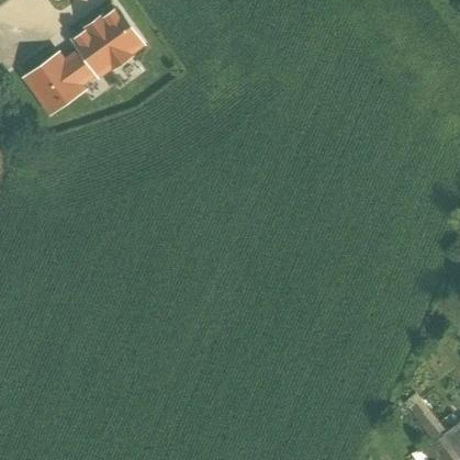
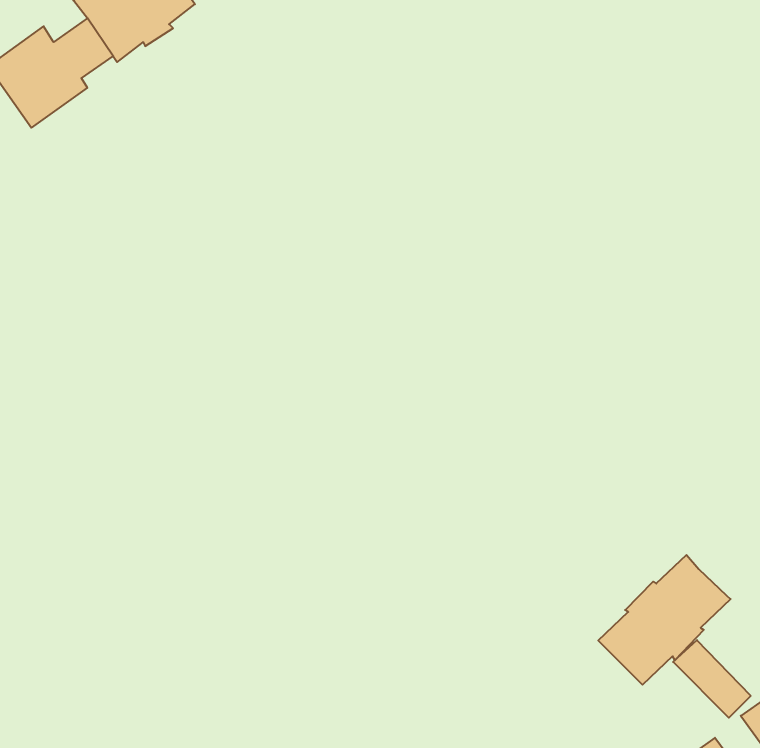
building: none -> [598,555,731,685]

